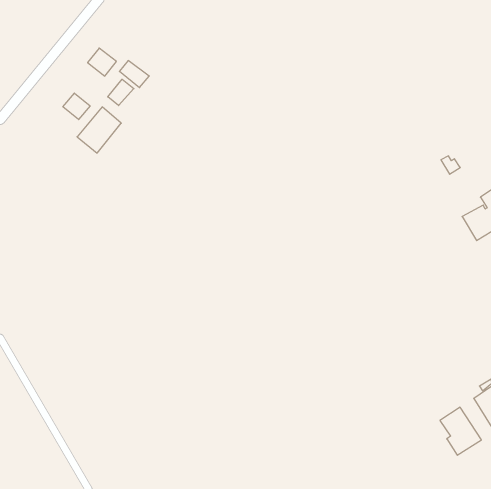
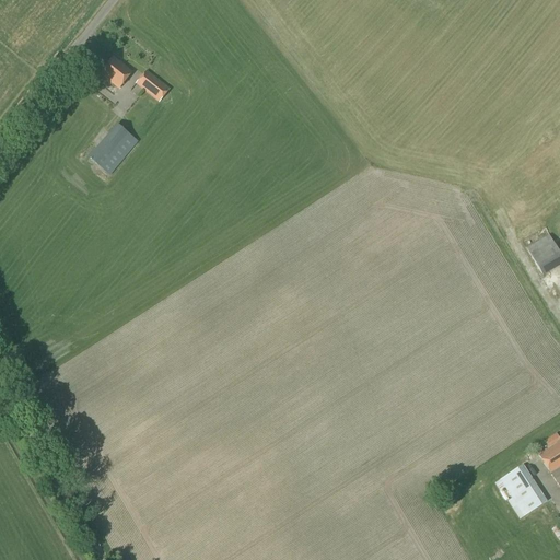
building: [108,79,134,106] -> none
building: [63,93,90,120] -> none

